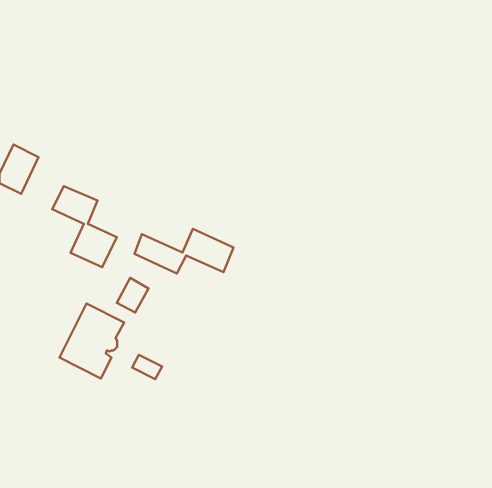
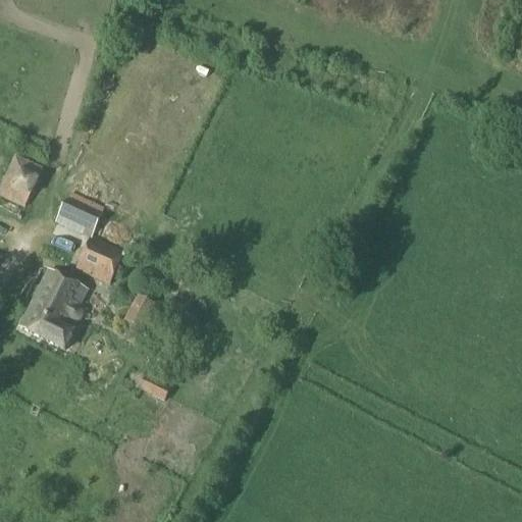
building: [134,229,234,274] -> none
building: [59,303,124,379] -> [18,268,87,348]

